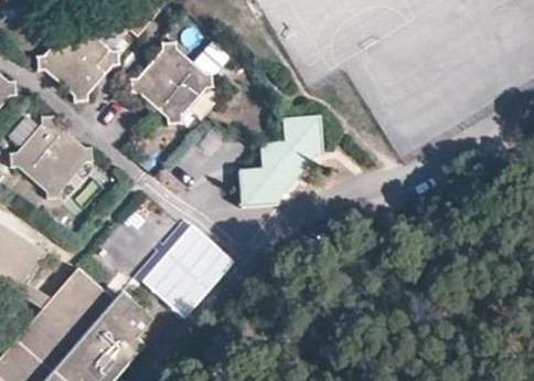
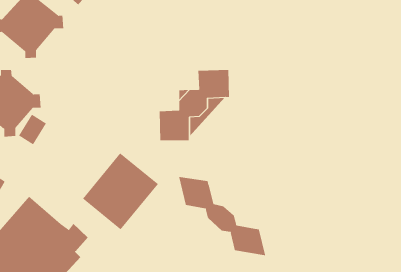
building: [130,43,213,125] -> none
building: none -> [178,176,266,256]

